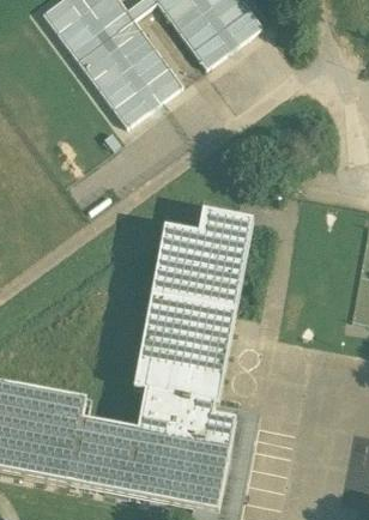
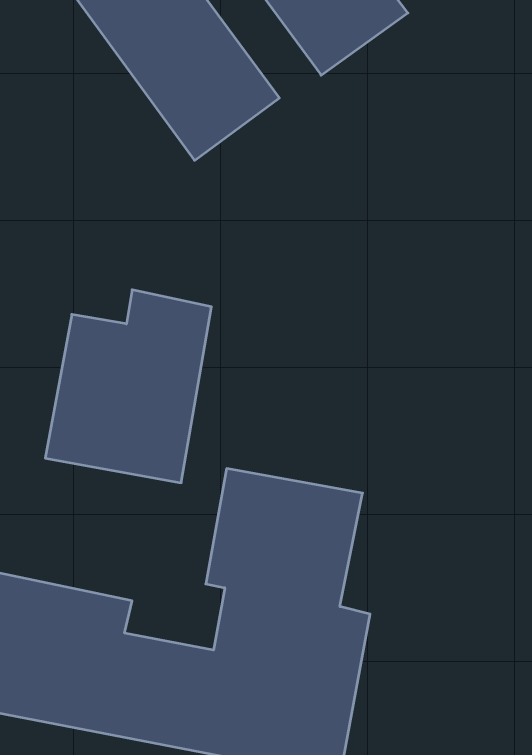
building: [146,206,252,328] -> [45,290,211,483]

